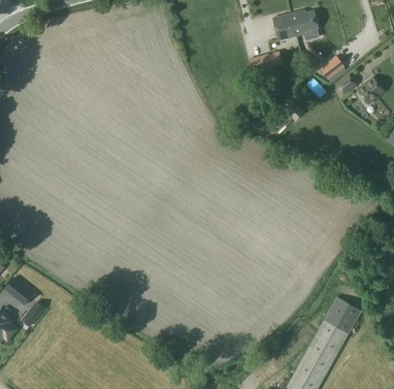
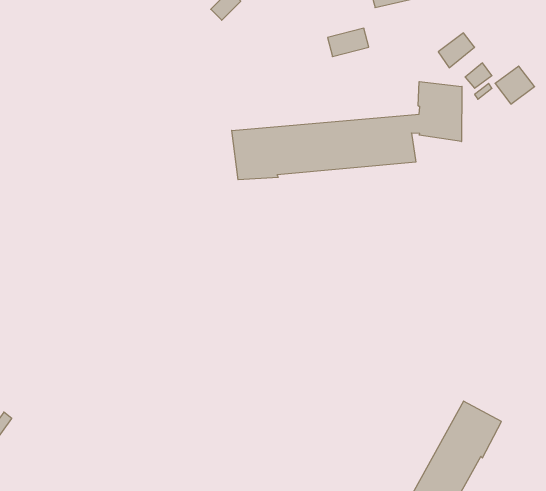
building: none -> [232,82,462,180]

